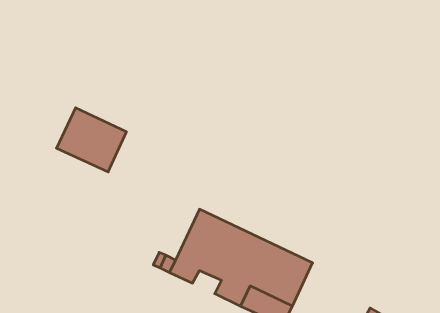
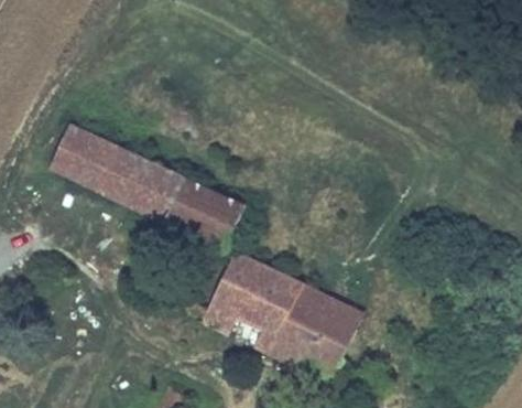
building: none -> [48,122,93,179]
building: none -> [130,160,246,250]

